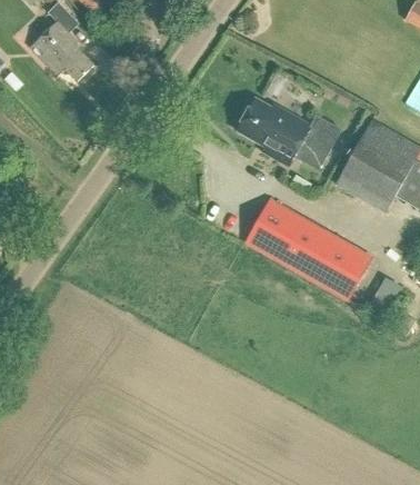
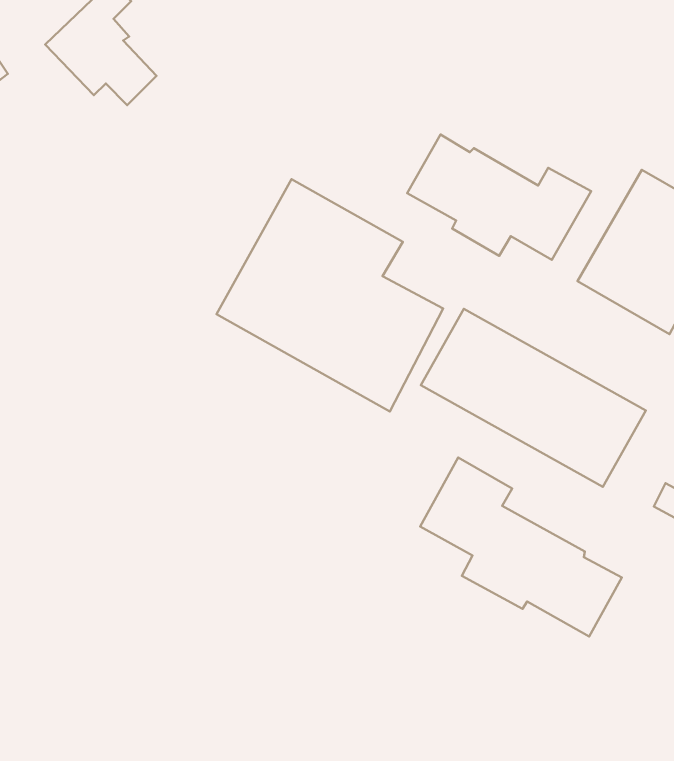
building: none -> [216,179,443,411]
building: none -> [420,457,622,637]

